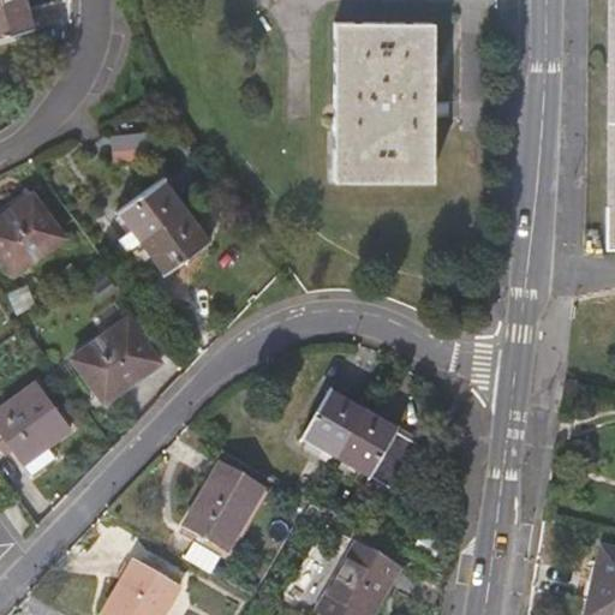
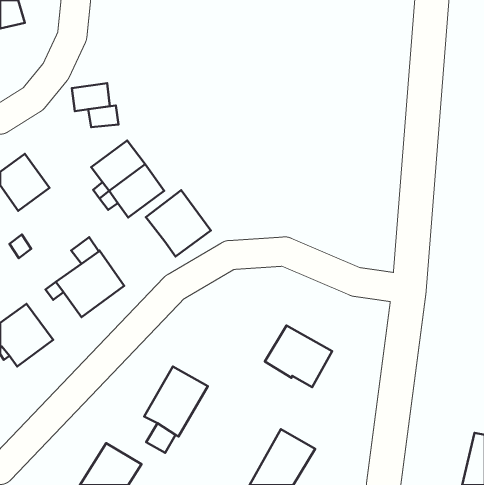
building: [334,22,432,180] -> none
building: none -> [72,83,110,111]
building: none -> [146,190,211,257]
building: [301,392,364,458] -> none

